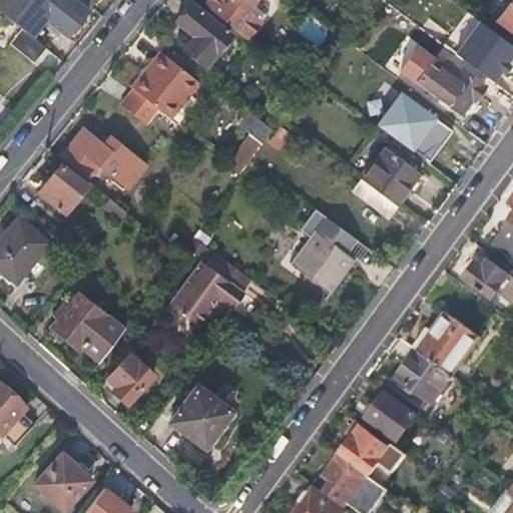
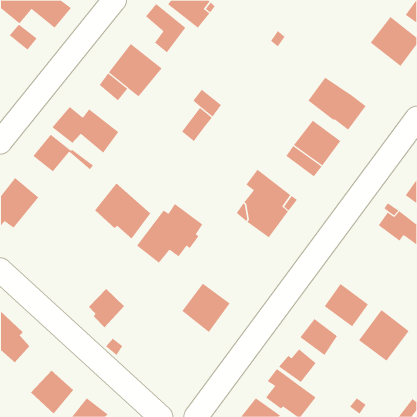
building: [399,47,484,112] -> none
building: [51,293,121,363] -> [94,182,151,240]
building: [418,310,481,374] -> [358,309,410,361]
building: [172,386,232,447] -> [181,283,230,333]

